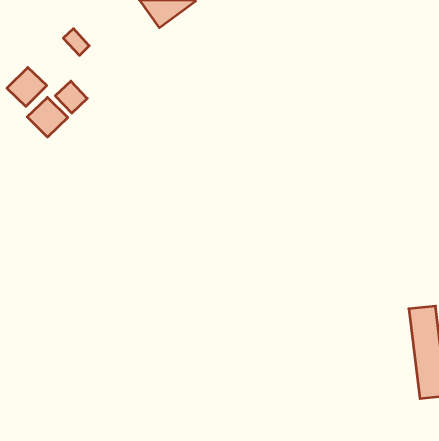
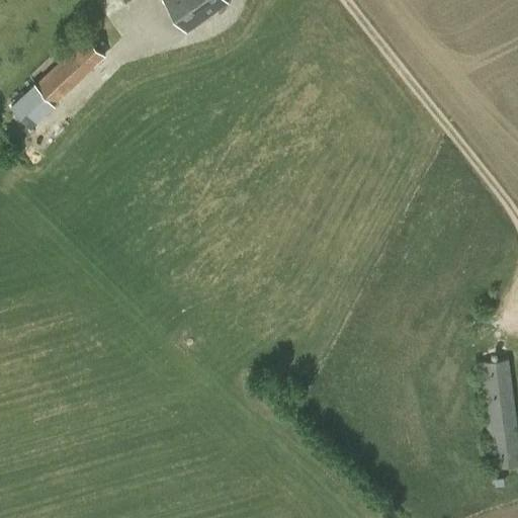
building: [55,81,87,113] -> [50,55,87,92]
building: [27,97,68,137] -> none

